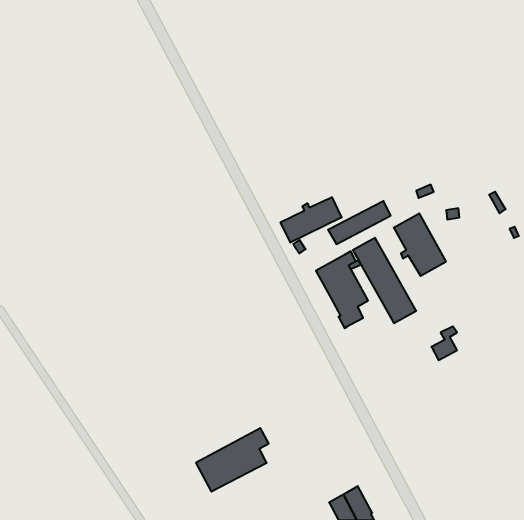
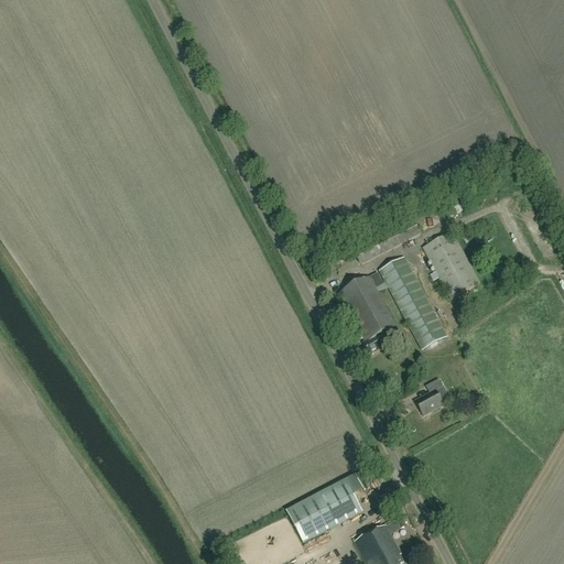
building: [281,197,342,243] -> none
building: [431,326,457,360] -> [415,377,443,413]
building: [196,428,269,492] -> [285,471,364,540]

